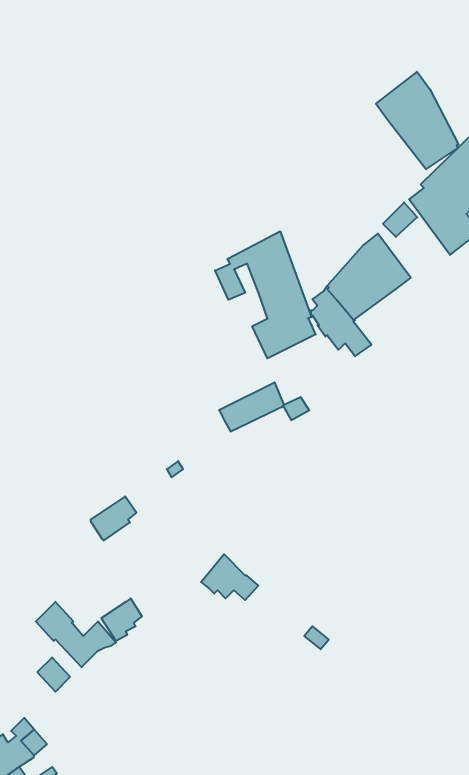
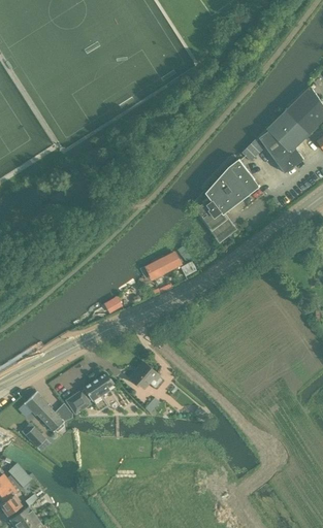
building: [376,72,459,169] -> none
building: [215,231,316,358] -> none
building: [91,496,136,541] -> [84,373,112,401]

